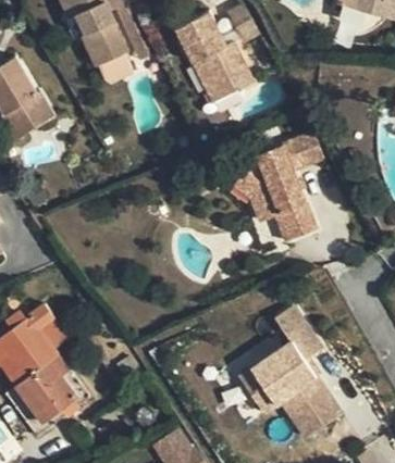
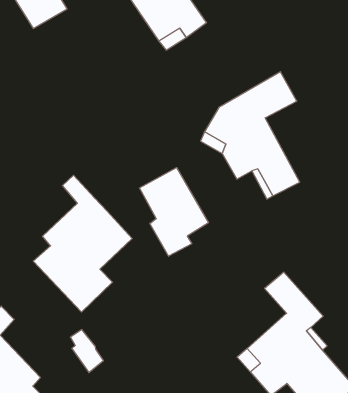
building: none -> [33,175,132,312]
building: none -> [139,168,209,256]

